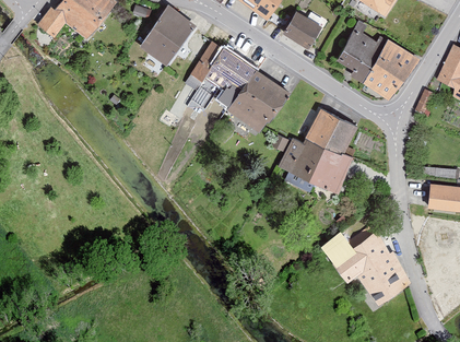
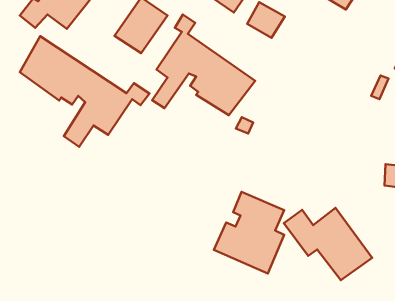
building: [337,19,420,97] -> none
building: none -> [20,36,149,147]
building: [280,105,355,192] -> [214,192,284,273]

